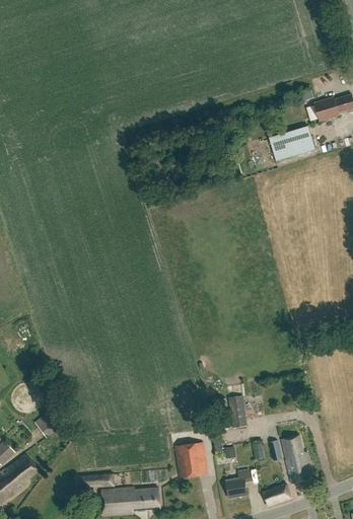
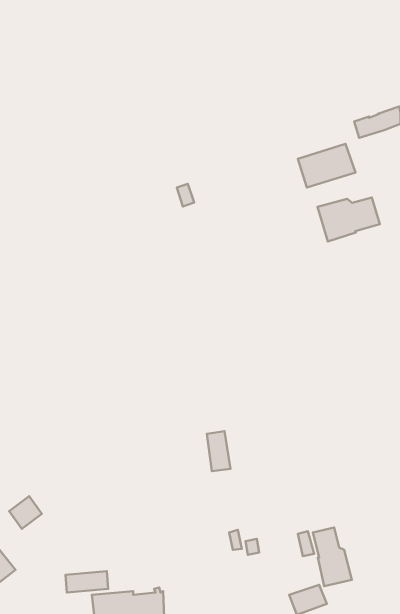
building: none -> [317,197,380,241]
building: [228,394,248,427] -> [207,431,231,471]
building: [175,442,207,477] -> none
building: [226,471,251,500] -> none

